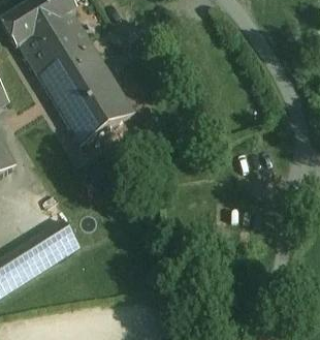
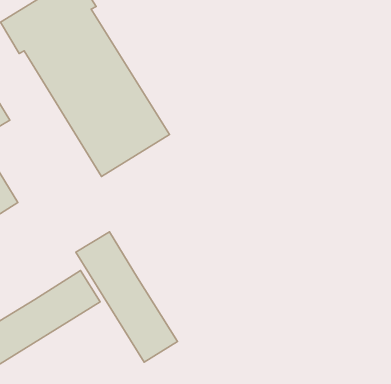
building: none -> [76,232,178,362]

